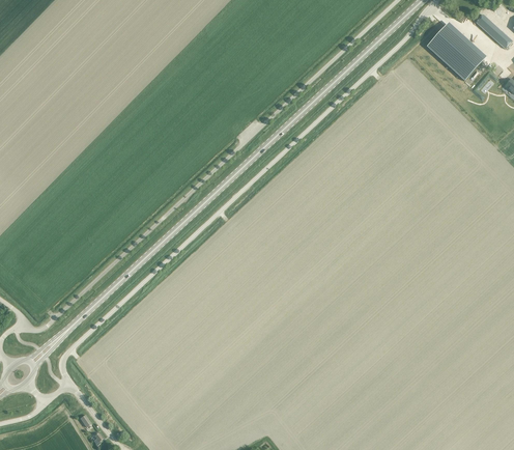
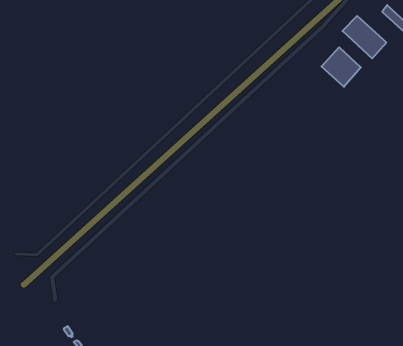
building: none -> [321,47,361,87]

